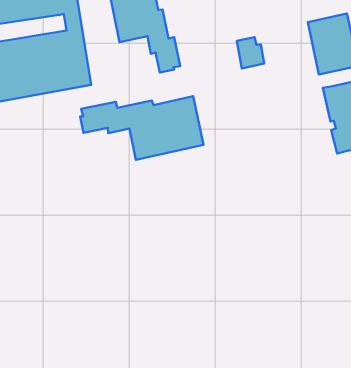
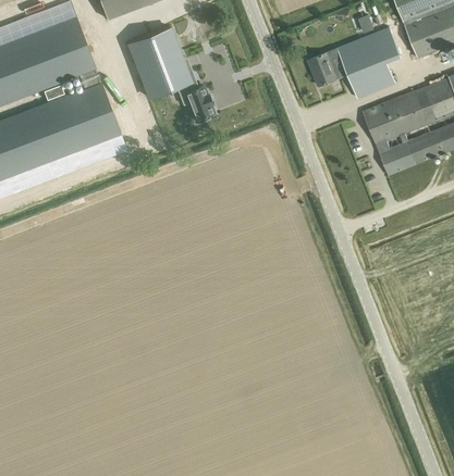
building: [237,37,264,68] -> [308,52,340,86]
building: [80,96,203,160] -> none

